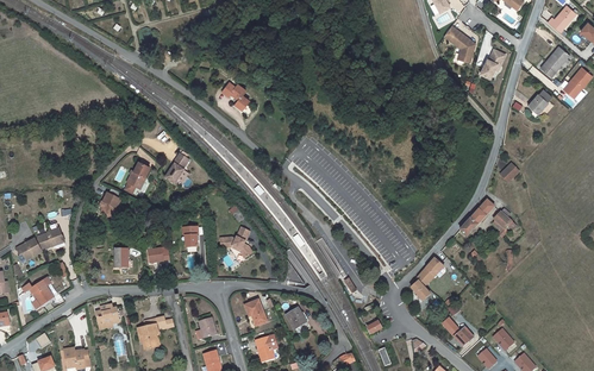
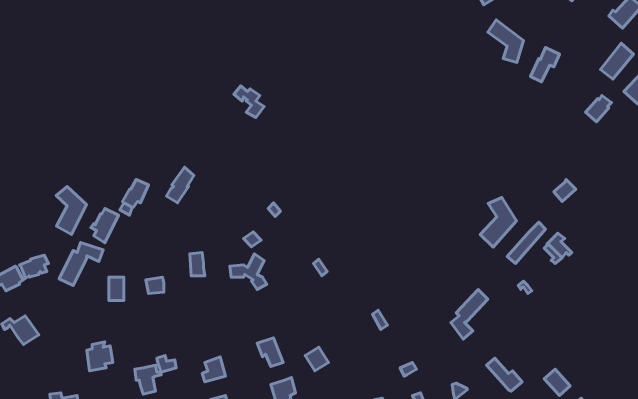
building: none -> [56,186,87,235]
building: none -> [480,197,517,247]
building: none -> [59,242,103,285]

